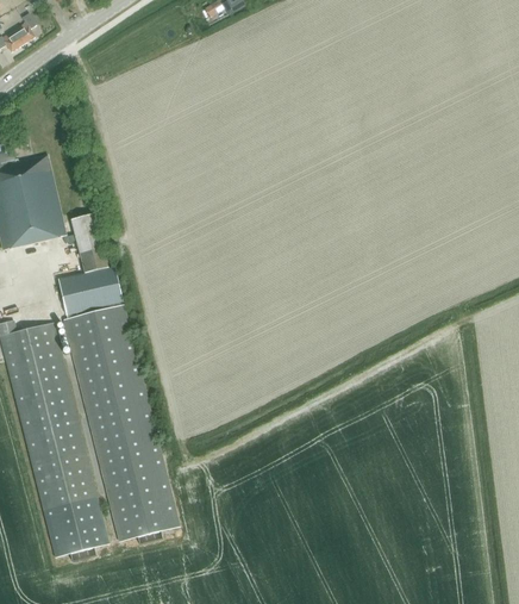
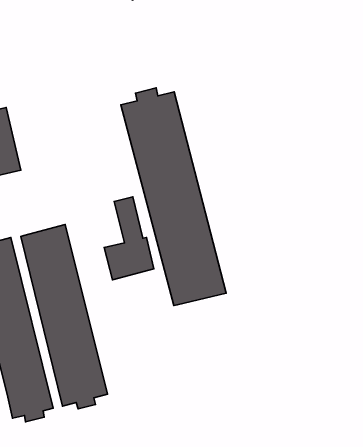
building: none -> [121,88,226,306]
building: [58,212,123,319] -> [104,197,154,280]

